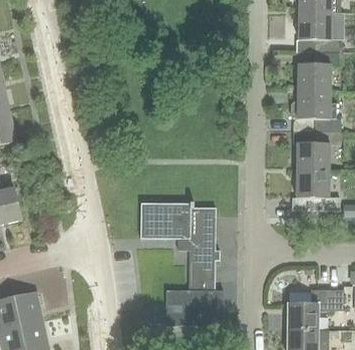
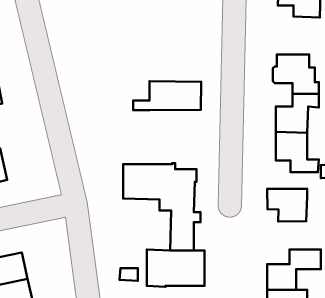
building: [297,50,341,89] -> none
building: none -> [133,81,201,110]
building: none -> [267,189,307,222]

